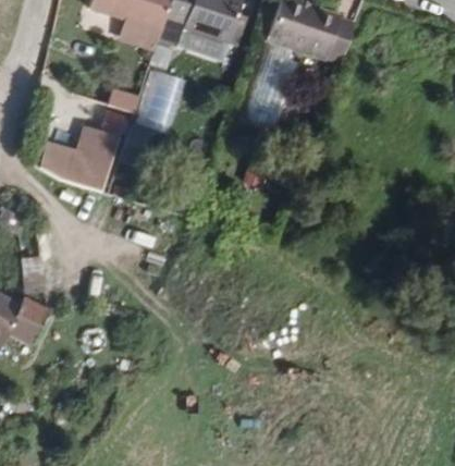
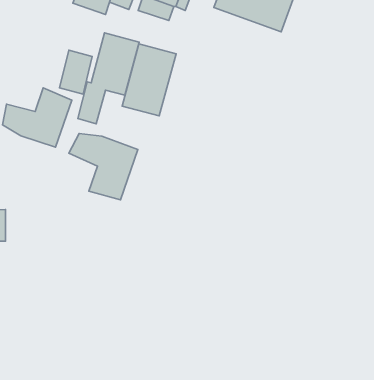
building: none -> [122,44,176,116]
building: none -> [69,133,138,200]

